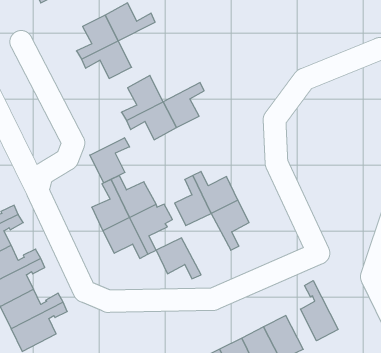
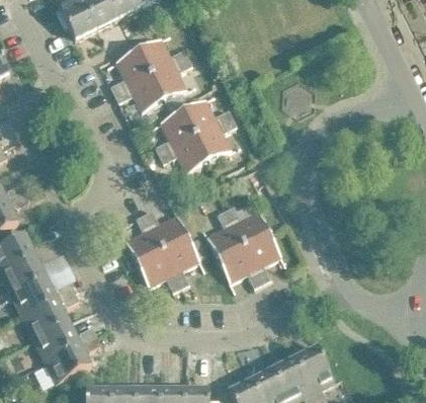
building: none -> [151,57,191,101]
building: none -> [182,98,232,136]
building: [90,138,130,183] -> none
building: [156,238,201,279] -> [218,246,262,287]
building: [300,281,338,341] -> none

